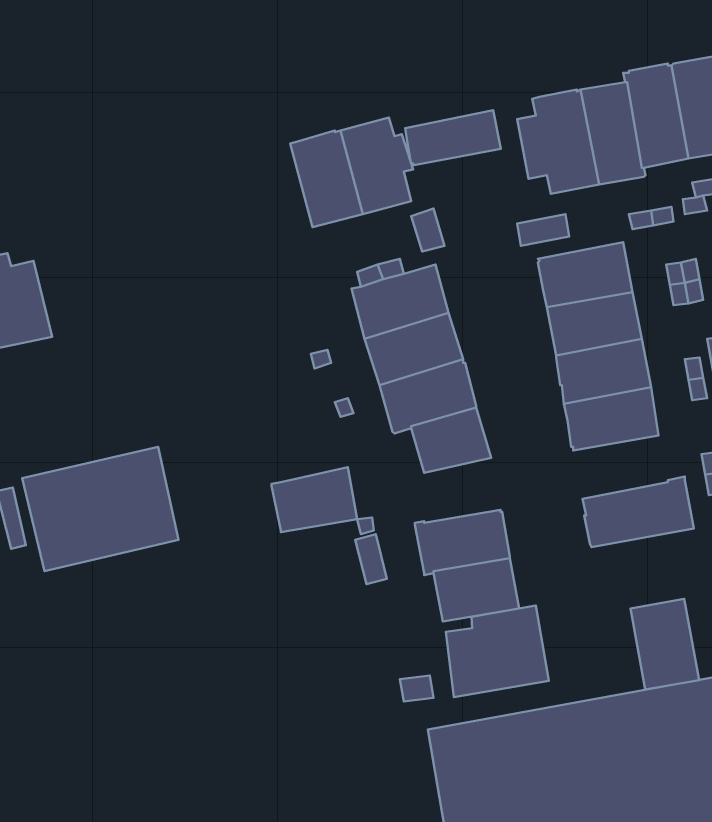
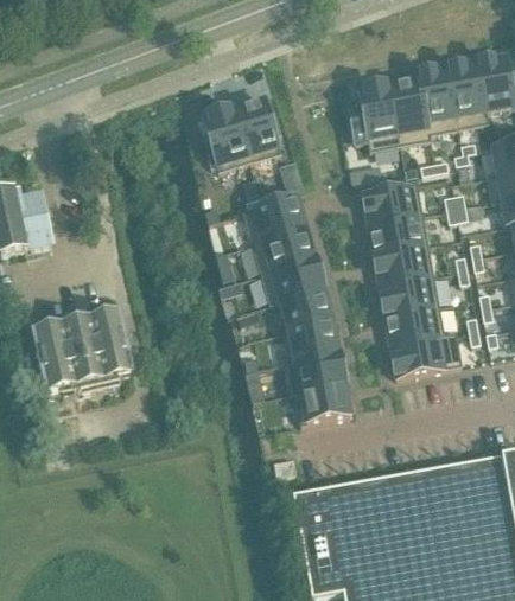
building: [405,110,501,166] -> none
building: none -> [384,303,445,344]
building: [272,467,357,532] -> [284,318,338,359]
building: [631,599,699,689] -> none
building: [446,606,549,697] -> none

